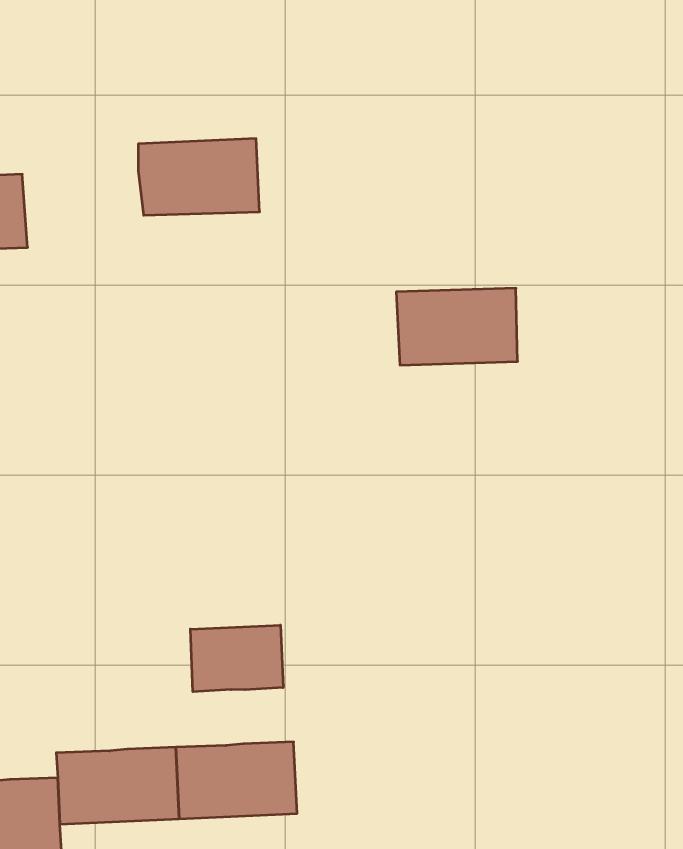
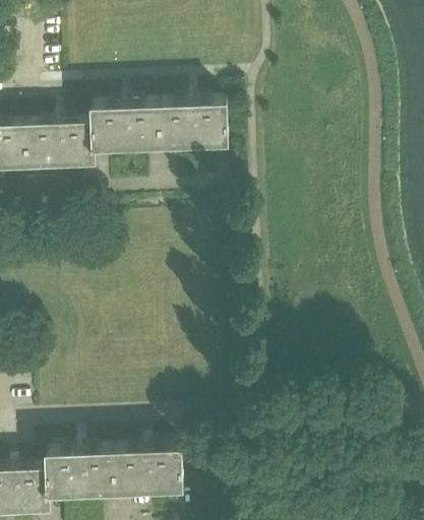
building: none -> [24,126,94,170]
building: [396,288,518,365] -> [158,106,227,149]
building: [190,625,283,692] -> none

